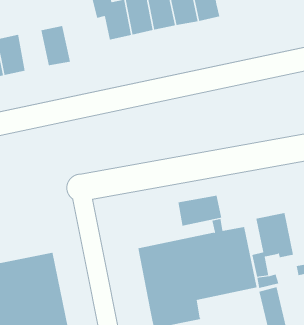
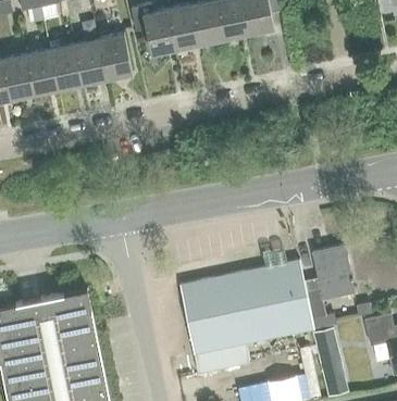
building: none -> [98,34,131,79]
building: none -> [49,45,82,89]
building: [178,195,222,227] -> none

